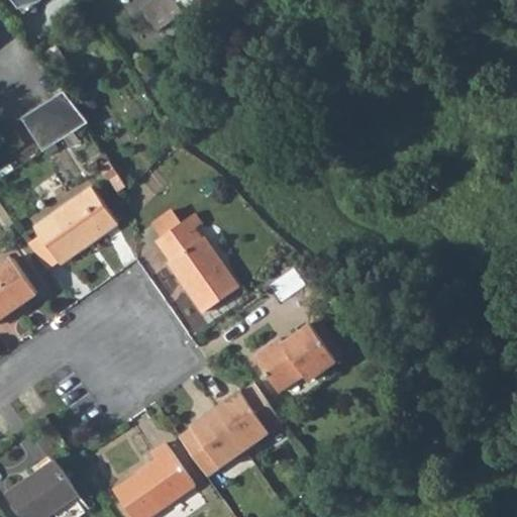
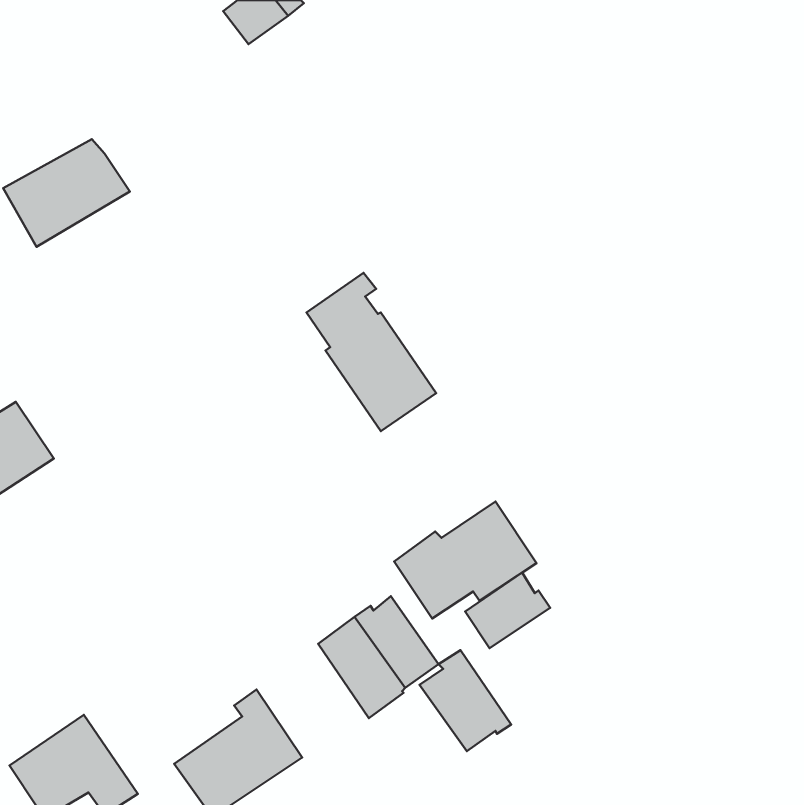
building: [32,187,116,264] -> none
building: [156,211,238,312] -> [307,273,436,431]
building: none -> [465,572,550,648]
building: [177,413,235,478] -> [419,650,511,751]

